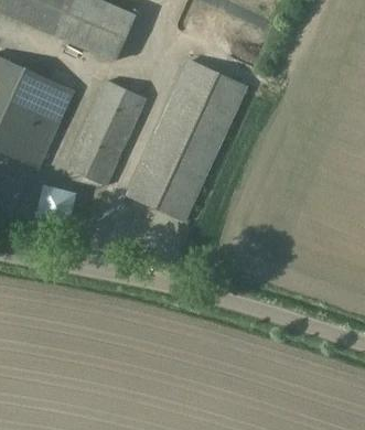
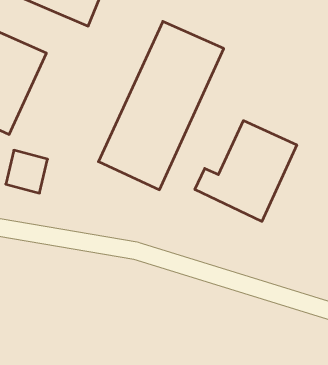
building: [65,79,147,187] -> none
building: none -> [195,121,297,221]

